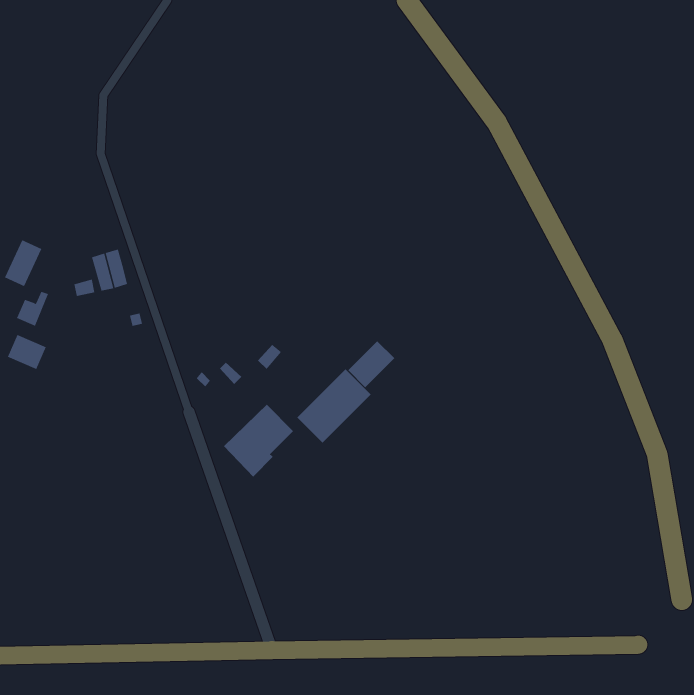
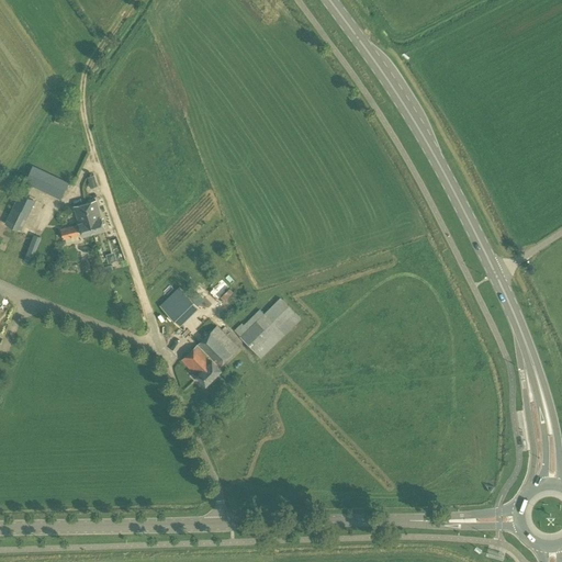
building: none -> [24,166,67,198]
building: [7,334,46,370] -> none
building: [347,340,395,388] -> none

